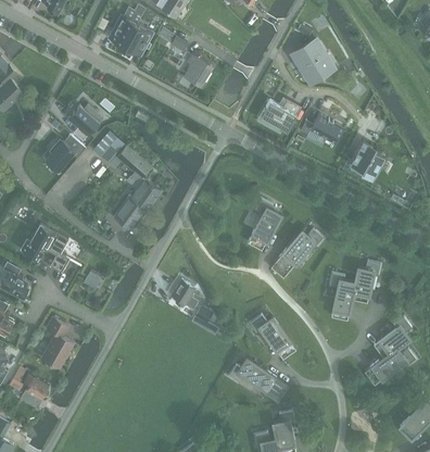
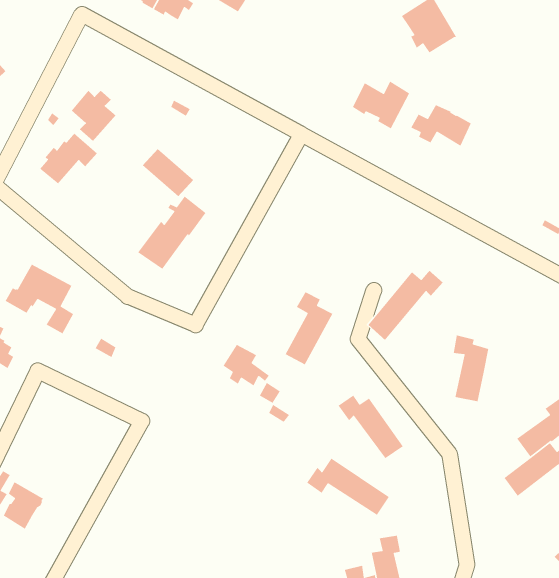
building: [182,54,212,87] -> none
building: [92,130,126,162] -> none
building: [350,138,383,179] -> none
building: [246,199,280,250] -> [285,291,334,365]
building: [351,261,379,302] -> none
building: [41,316,73,367] -> none

